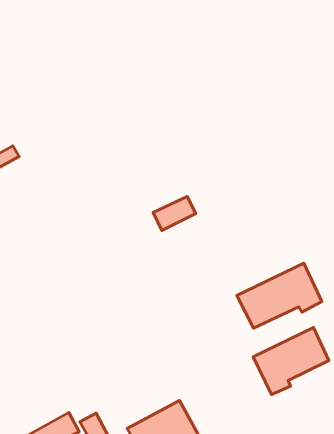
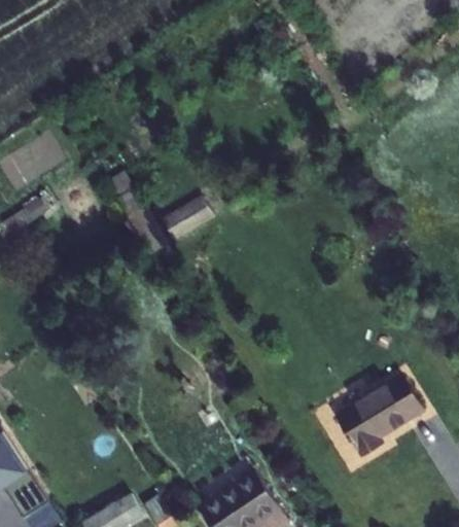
building: [153,196,196,231] -> [162,199,210,240]
building: [237,263,322,328] -> none

